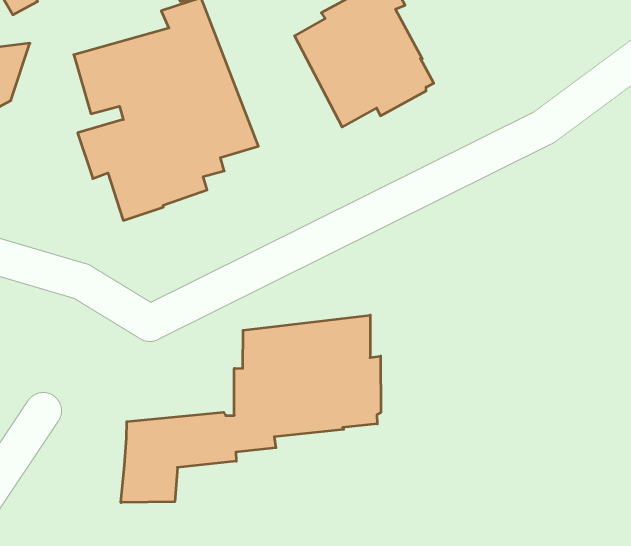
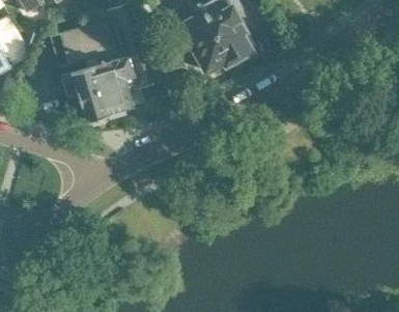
building: [121,315,381,503] -> none

